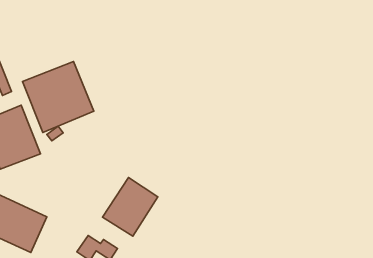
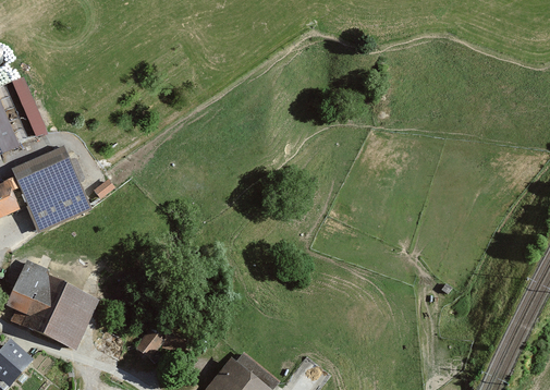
building: [22,62,94,132] -> none
building: [103,177,158,236] -> none

